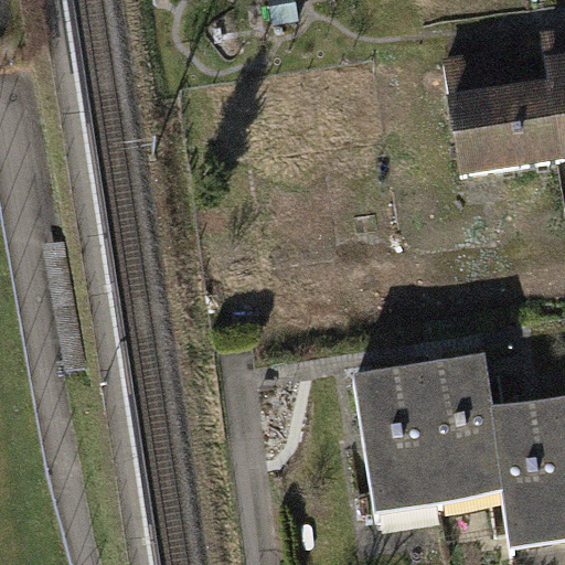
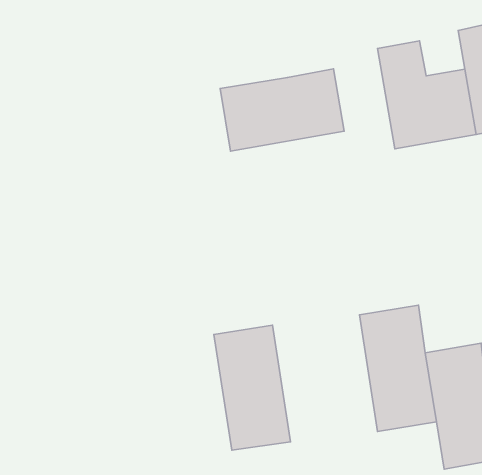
building: none -> [220,69,344,151]
building: [353,366,443,512] -> [214,325,291,450]

